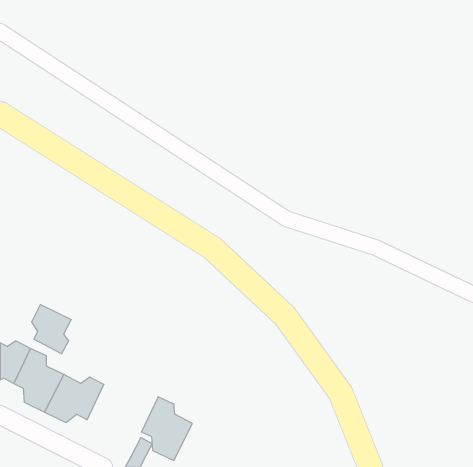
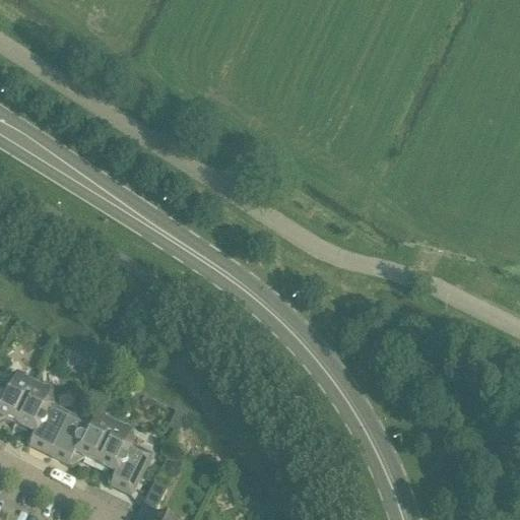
building: [32,305,71,354] -> none
building: [141,397,192,461] -> [96,421,152,492]

